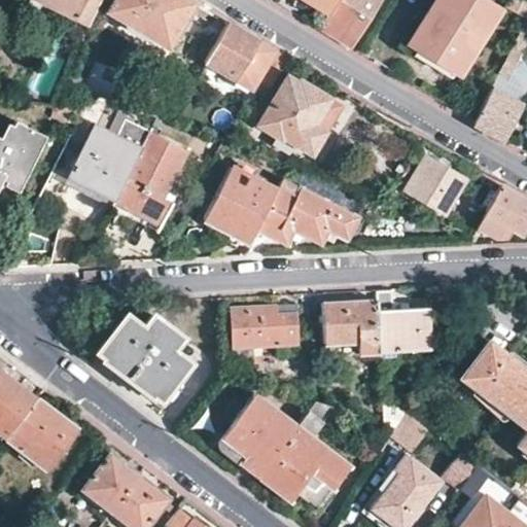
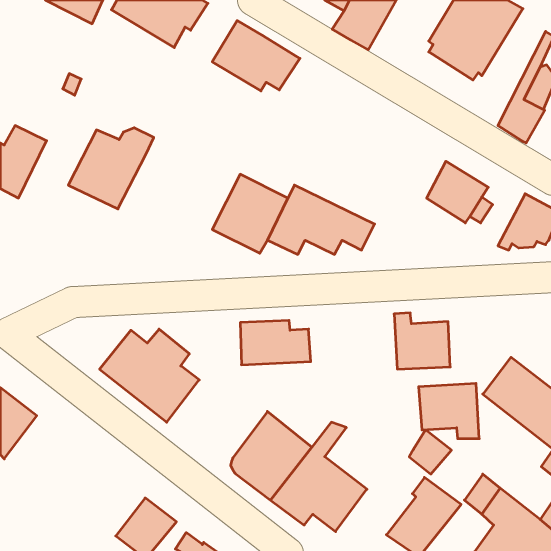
building: [259,77,337,153] -> none
building: [114,133,188,234] -> none
building: [322,301,380,353] -> [419,383,479,439]
building: [6,397,85,475] -> none
building: [84,454,140,512] -> none

